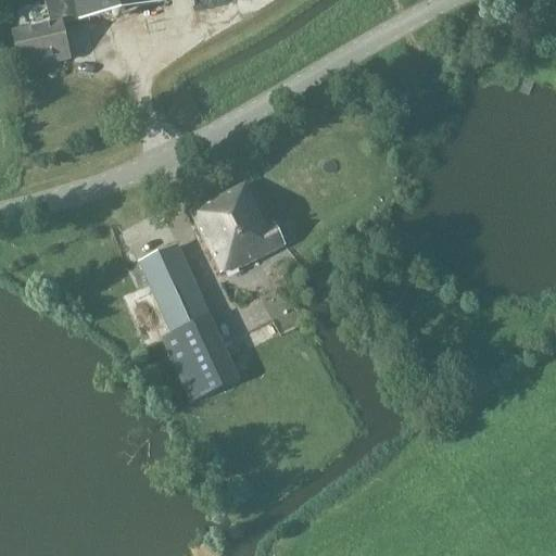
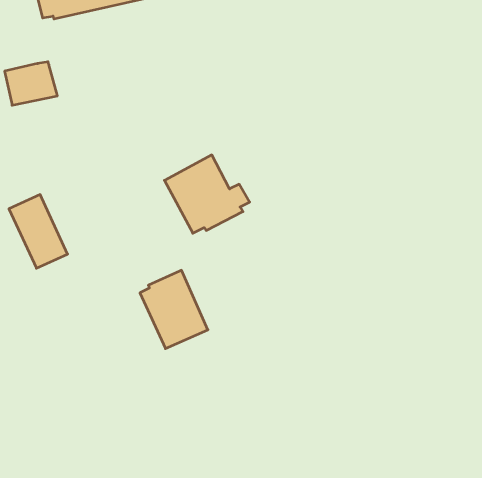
building: [12,18,73,68] -> [5,62,57,105]
building: [140,243,207,328] -> [9,195,68,268]

